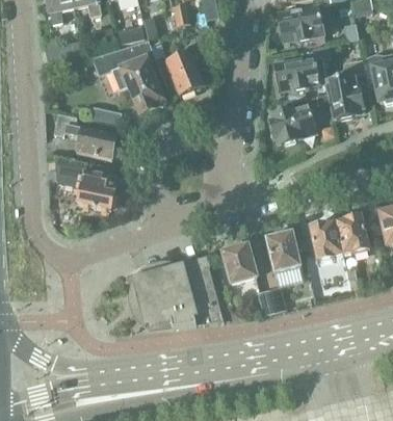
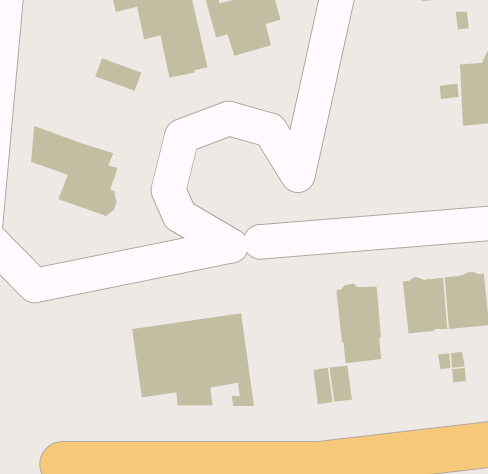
building: [273,56,319,91] -> none
building: [269,104,315,146] -> none
building: [54,113,117,159] -> none
building: [222,242,257,284] -> none

